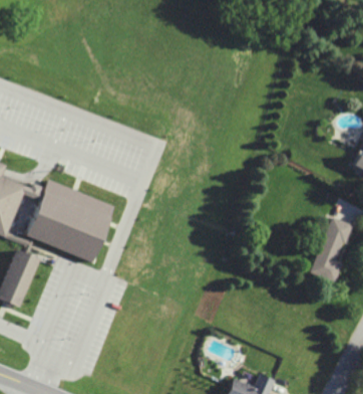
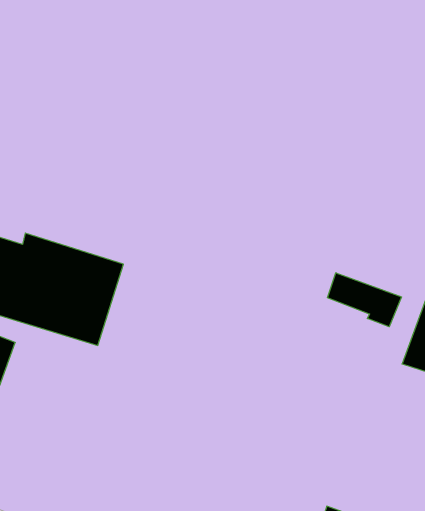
building: none -> [327,273,402,327]

